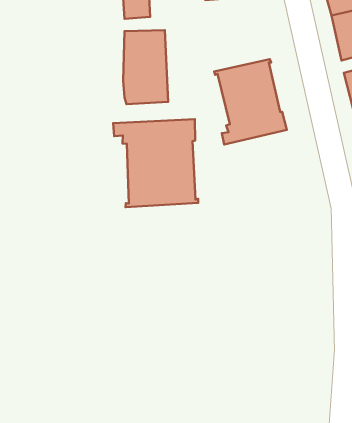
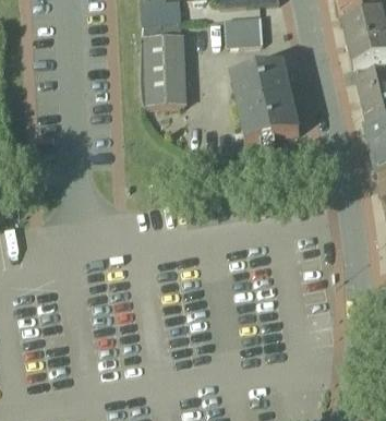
building: none -> [225,12,263,43]
building: [113,119,198,207] -> none

